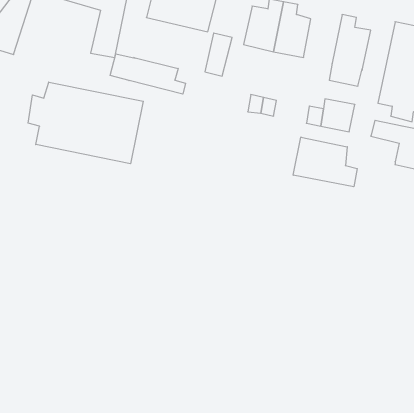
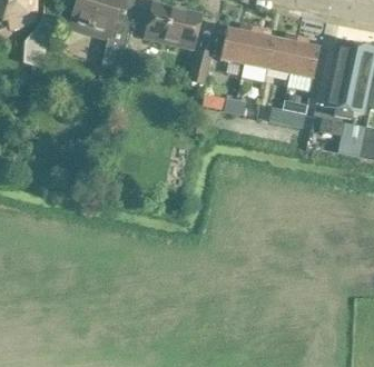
building: none -> [266,32,296,72]
building: [110,54,186,94] -> none
building: [28,82,143,164] -> none
building: [293,137,357,187] -> none

